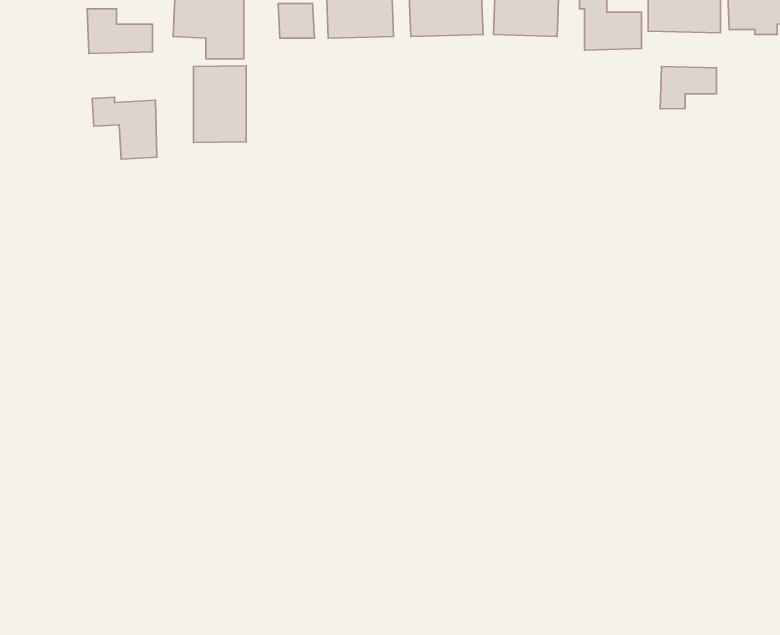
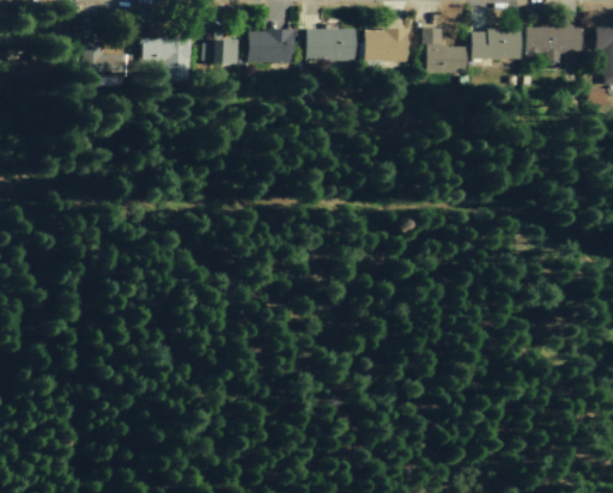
building: [194,66,246,142] -> none
building: [660,66,716,109] -> none
building: [92,97,157,159] -> none

